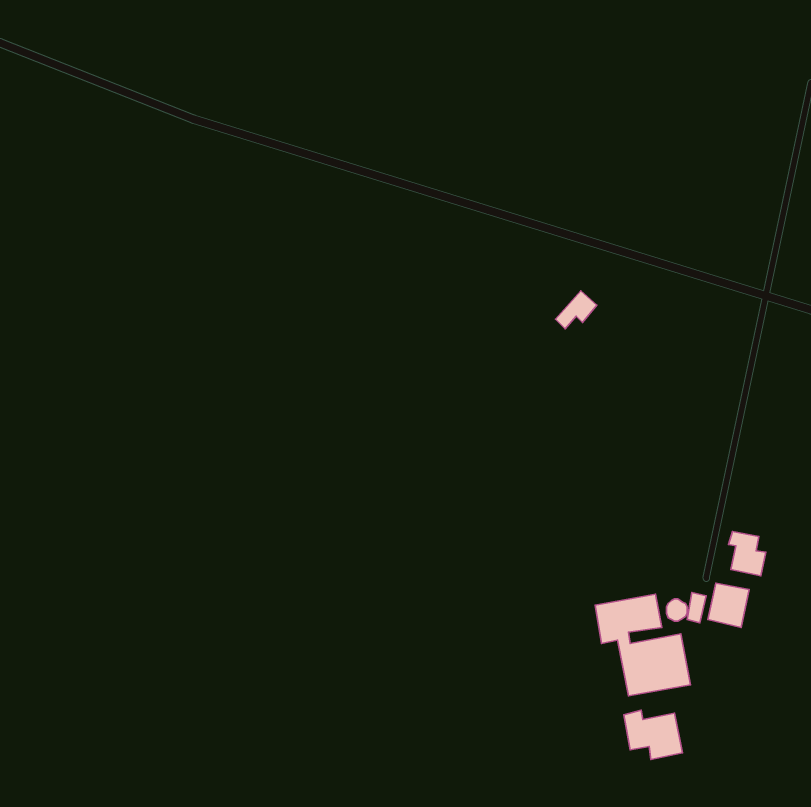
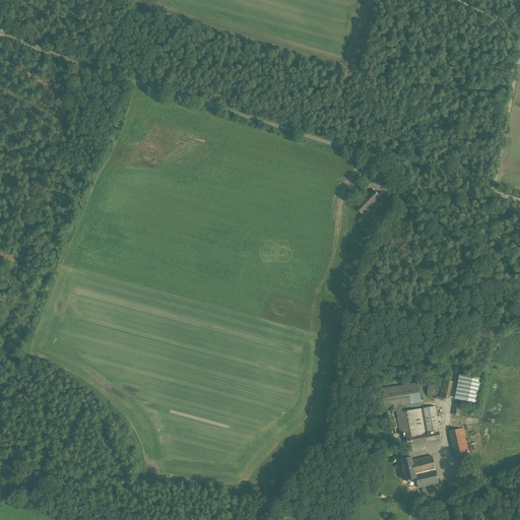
building: [729,531,766,576] -> none
building: none -> [451,426,471,454]

